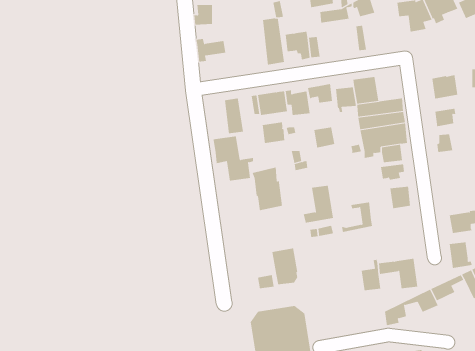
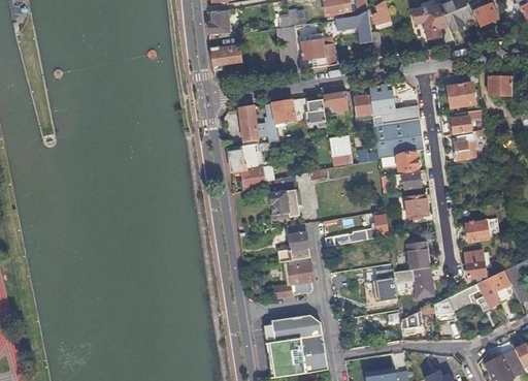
building: [262,121,285,144] -> none
building: [303,185,334,223] -> [278,223,309,261]
building: none -> [407,241,430,269]

